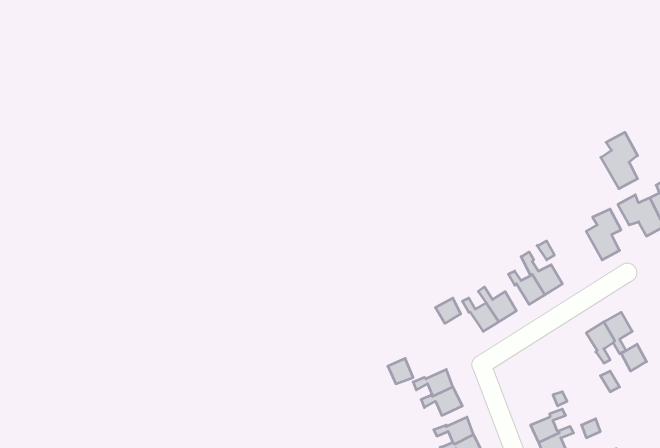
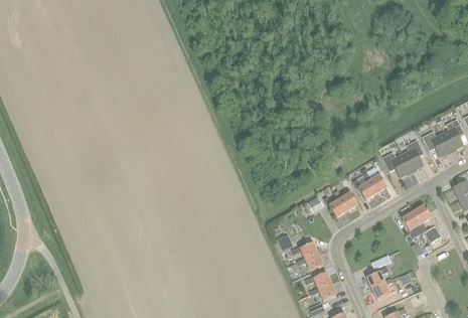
building: [601,132,638,189] -> none
building: none -> [382,152,413,178]

